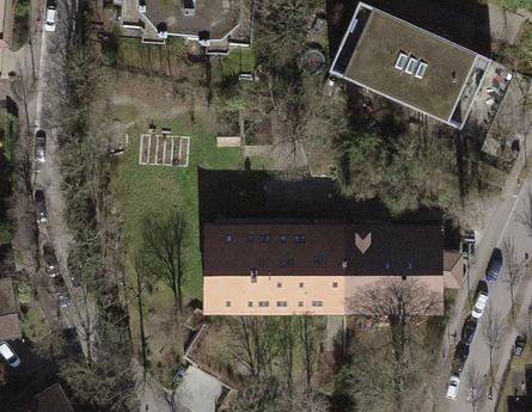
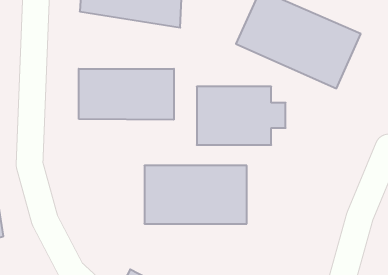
building: none -> [79,69,174,120]
building: [342,233,460,310] -> [197,87,286,145]

